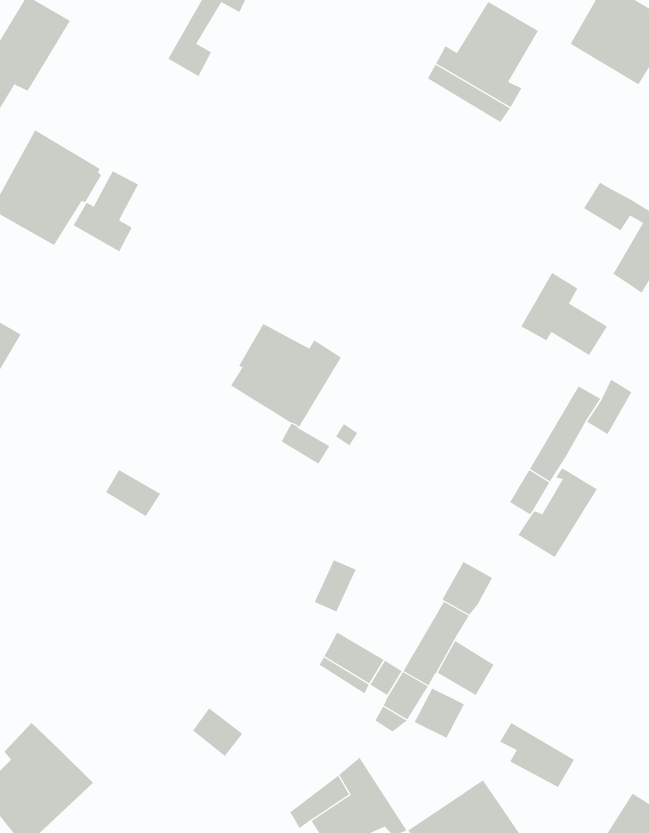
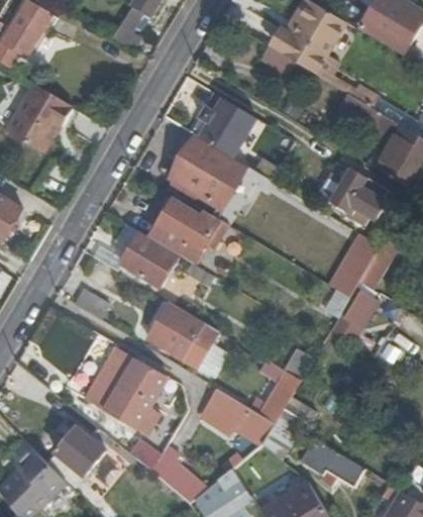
building: none -> [197,96,256,156]
building: [73,170,139,252] -> none
building: none -> [165,136,257,225]
building: none -> [118,232,177,287]
building: none -> [145,304,218,369]
building: none -> [86,347,166,433]
building: none -> [46,425,105,488]
building: none -> [150,452,204,500]

